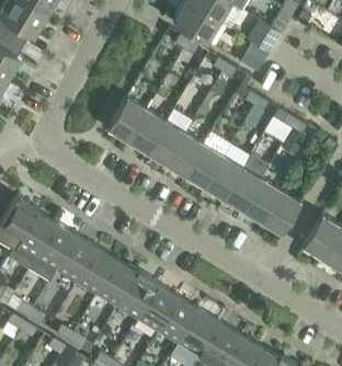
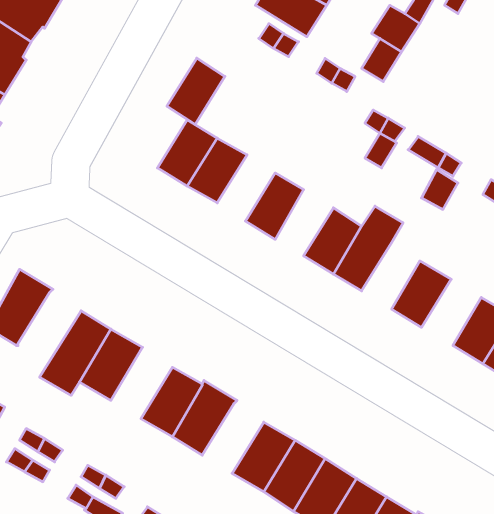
building: [147,121,185,164] -> [167,58,225,125]
building: [185,144,224,187] -> none
building: [242,179,281,222] -> none
building: [9,211,57,267] -> none
building: [77,248,117,295] -> none
building: [137,285,178,331] -> none

